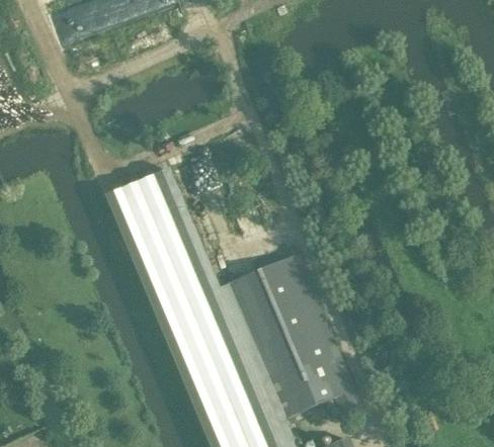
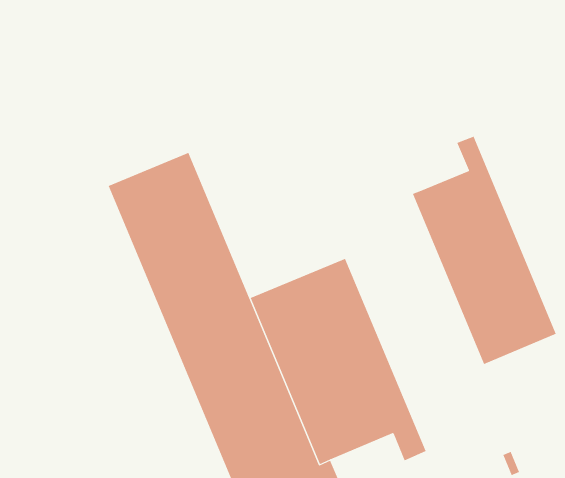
building: none -> [412,136,557,365]

